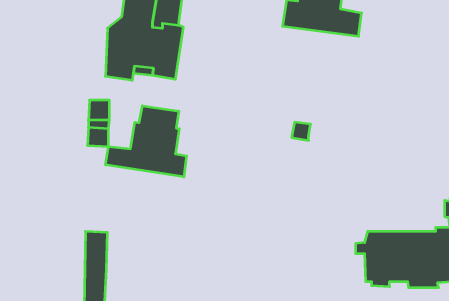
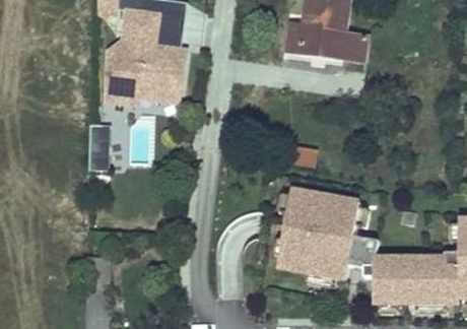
building: [106,106,187,177] -> none
building: none -> [274,187,378,283]

